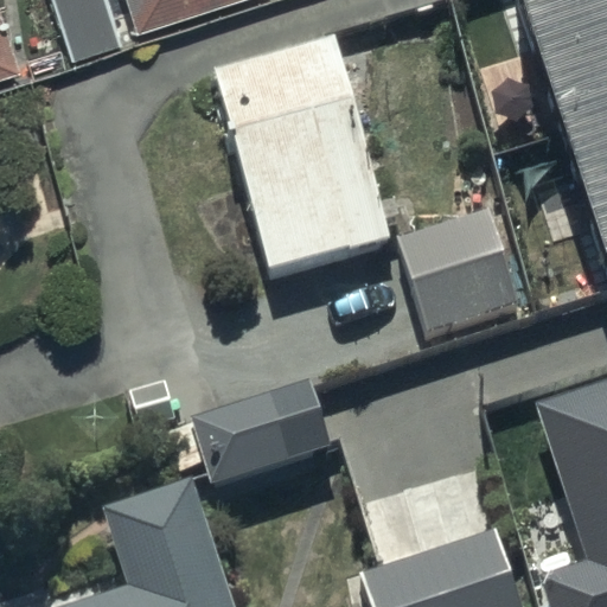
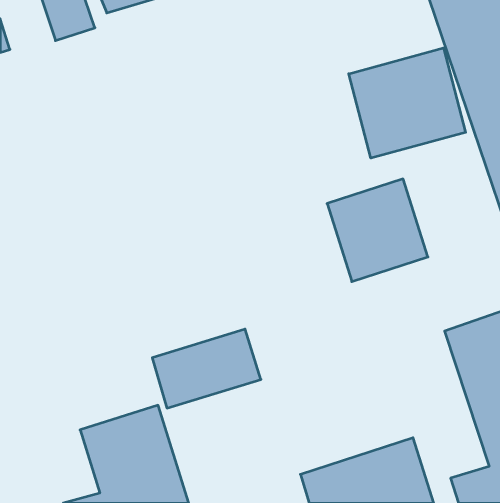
building: [212,44,401,277] -> none
building: none -> [349,48,466,158]

